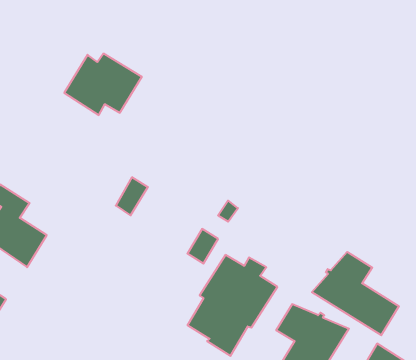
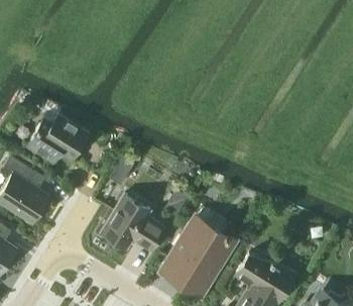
building: [64,54,142,115] -> [26,113,90,164]
building: none -> [102,194,166,250]
building: [312,252,399,335] -> none

